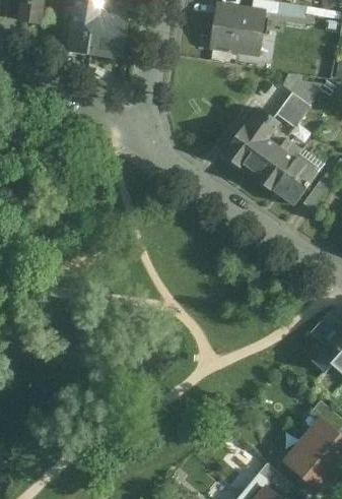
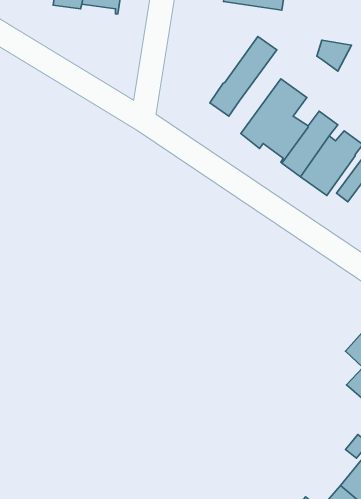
building: none -> [210,36,277,116]
building: [275,95,307,129] -> none

